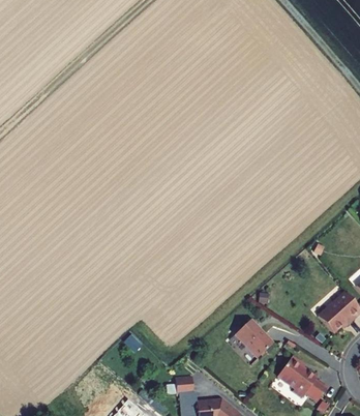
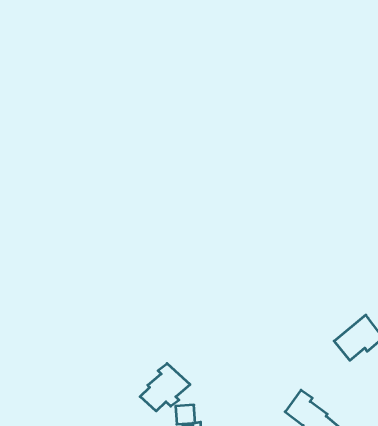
building: [232,318,270,356] -> none
building: none -> [140,363,190,411]

